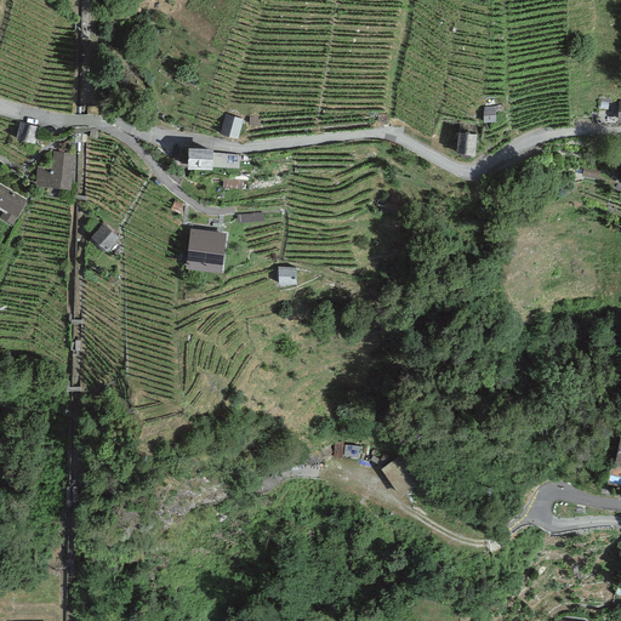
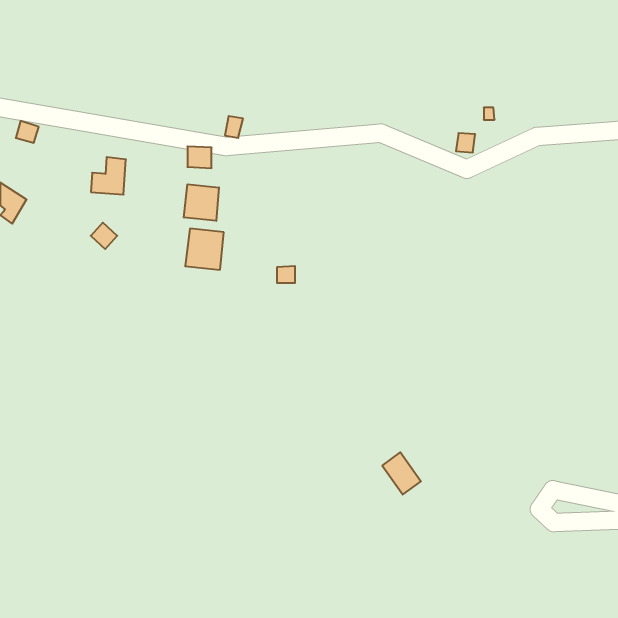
building: [36,150,72,188] -> [91,157,126,195]
building: none -> [184,184,219,221]

